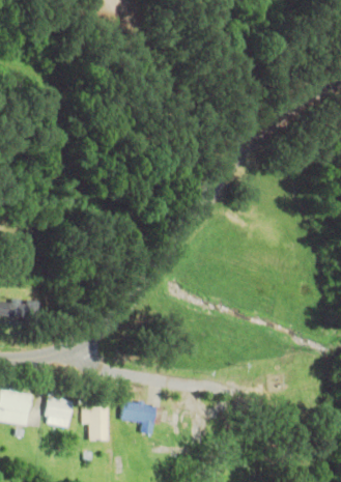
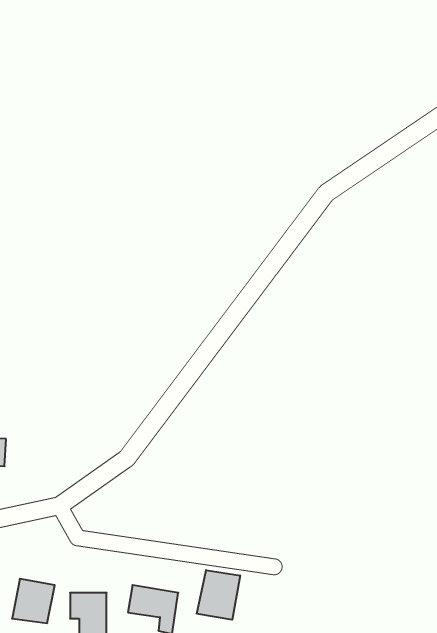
building: none -> [197,570,240,620]

